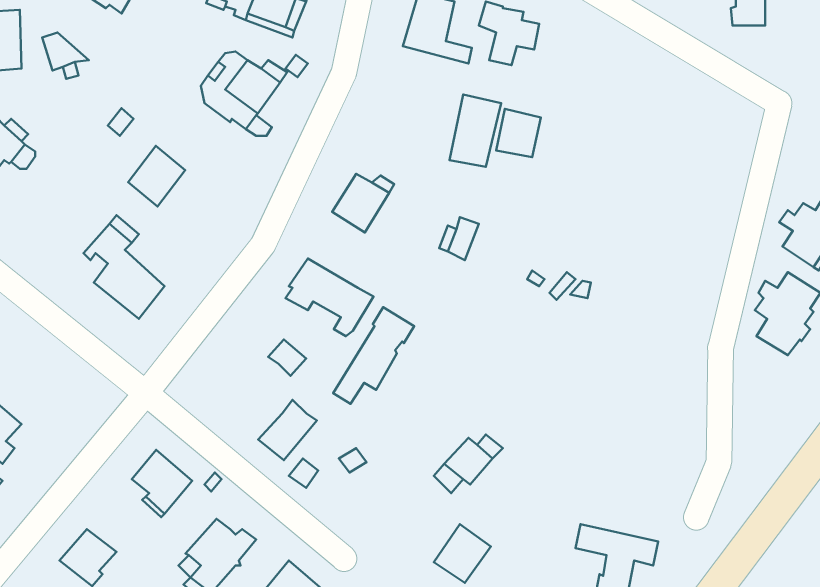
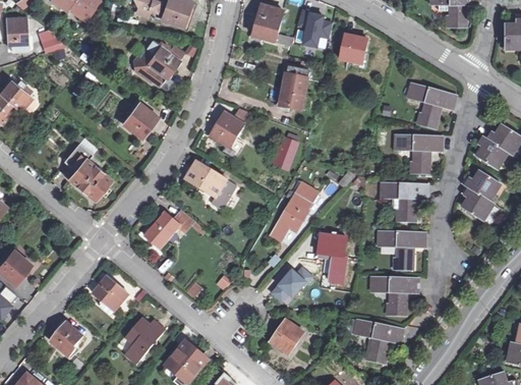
building: [496,109,541,157] -> [340,35,366,63]
building: none -> [407,84,456,128]
building: [128,146,185,206] -> [124,101,158,136]
building: none -> [395,134,442,173]
building: none -> [382,182,427,221]
building: [333,307,414,404] -> [271,182,319,239]
building: none -> [379,231,425,269]
building: none -> [317,233,347,282]
building: [258,400,317,460] -> [144,212,179,248]
building: none -> [371,276,418,314]

